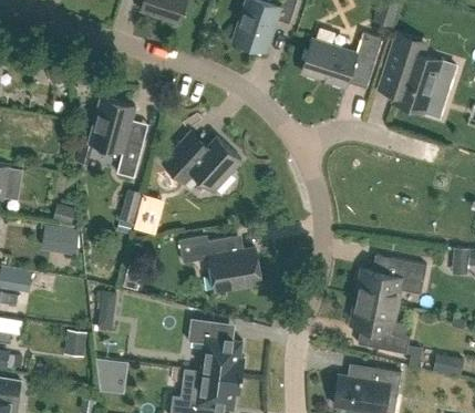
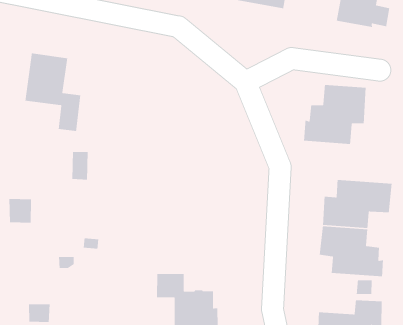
building: [166,135,240,192] -> none
building: none -> [303,84,366,145]
building: [179,235,259,290] -> none

